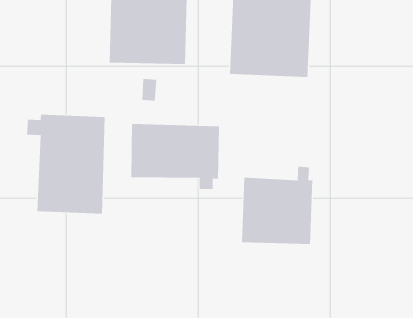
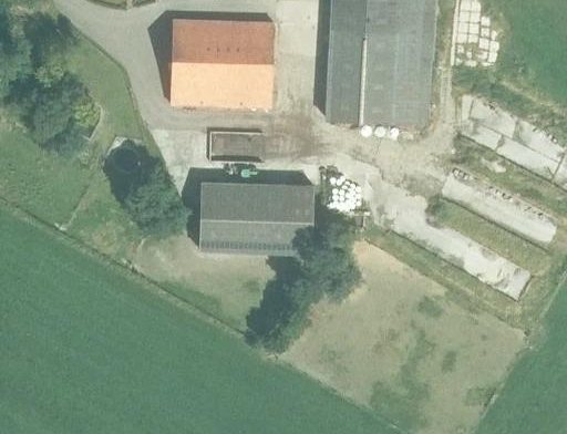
building: [27,114,105,215] -> none
building: [241,166,313,245] -> none

